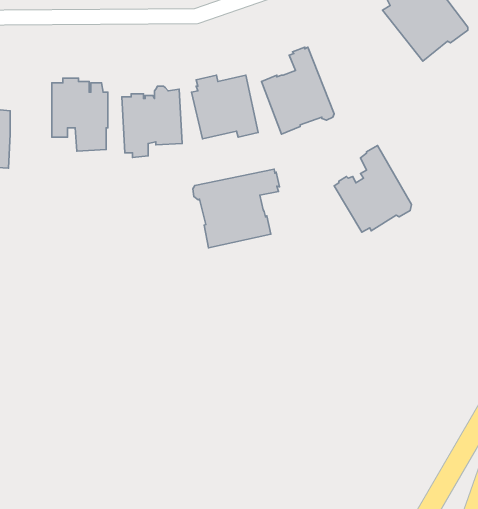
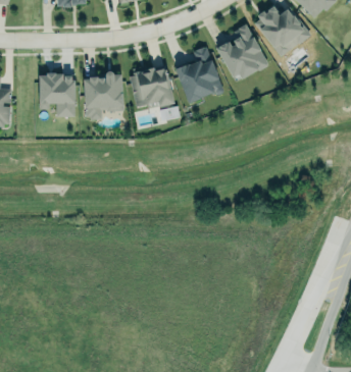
building: [334,146,412,232] -> [217,23,268,81]
building: [193,169,279,248] -> none

